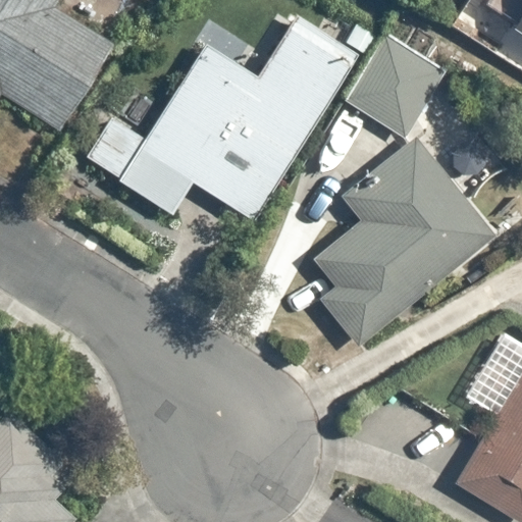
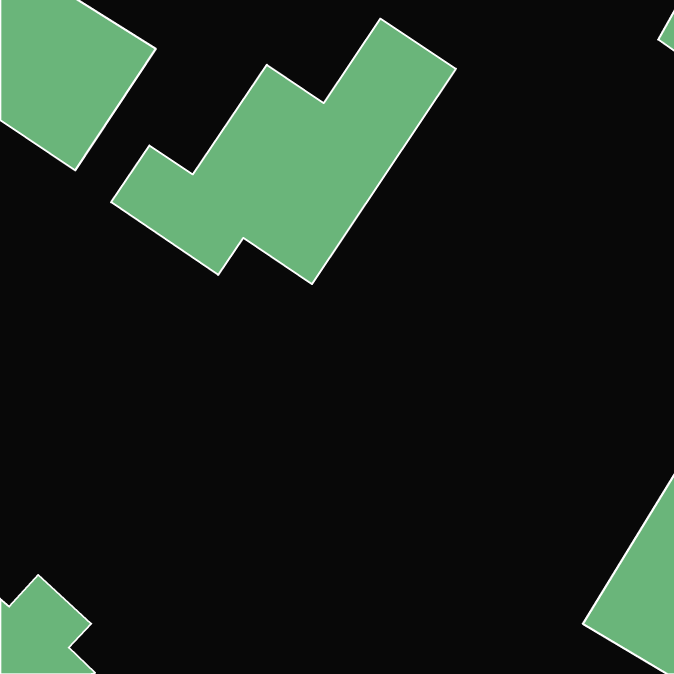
building: [345,36,447,138] -> none
building: [312,138,497,351] -> none

